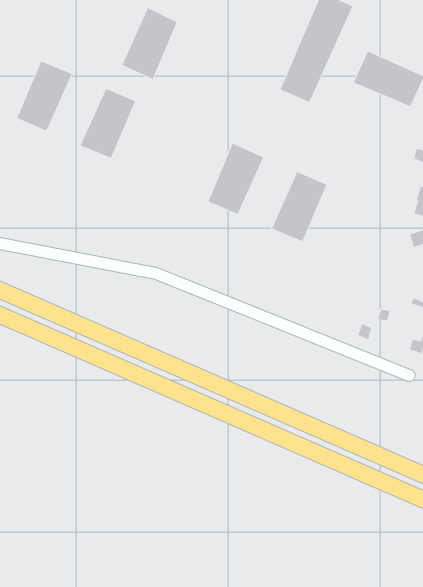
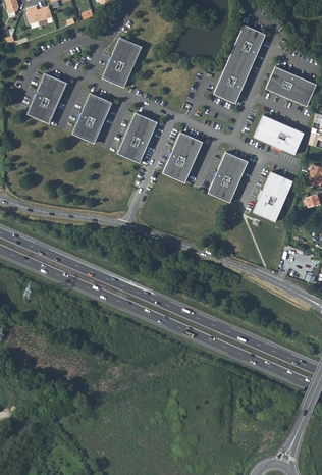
building: none -> [117,112,156,163]
building: none -> [253,115,303,155]
building: none -> [253,170,292,222]

